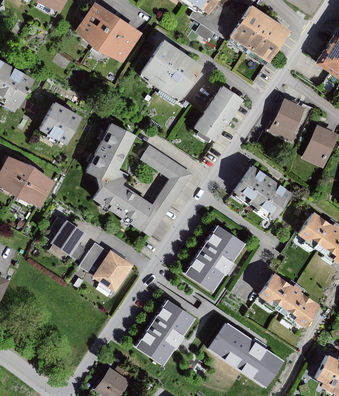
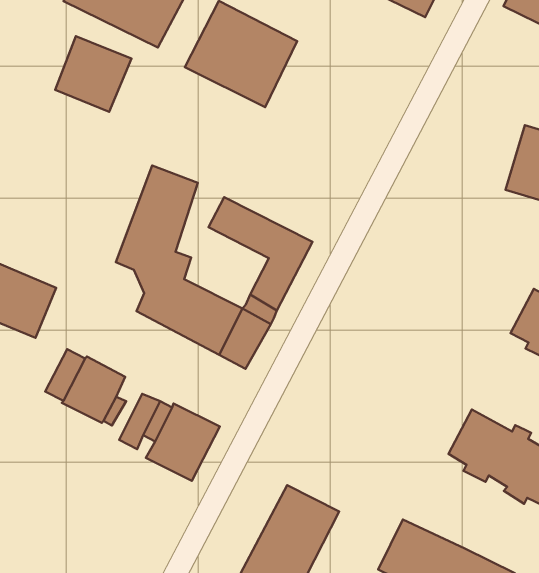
building: [195,87,245,143] -> none
building: [267,98,313,144] -> none
building: [41,102,83,144] -> [55,36,131,112]
building: [229,165,292,223] -> none
building: [184,226,243,292] -> none

